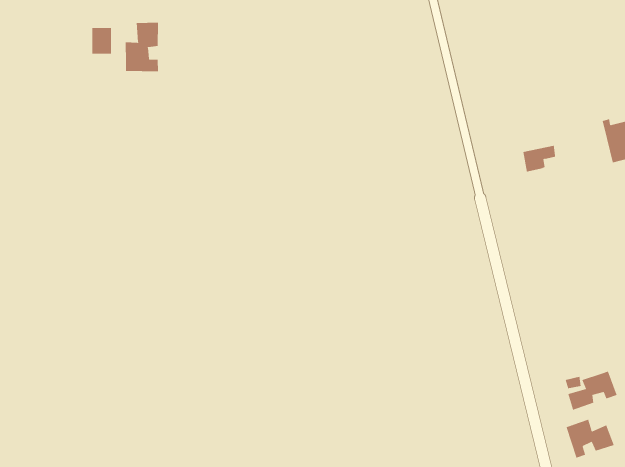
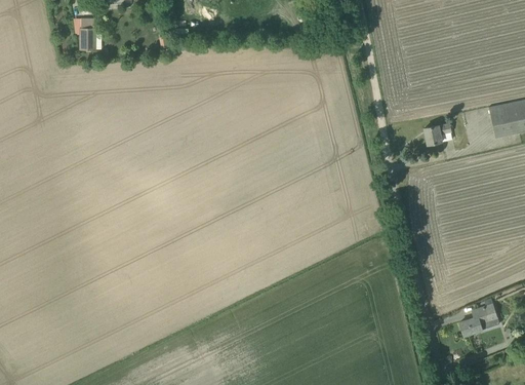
building: [125,22,158,72] -> none
building: [566,419,614,459] -> none

